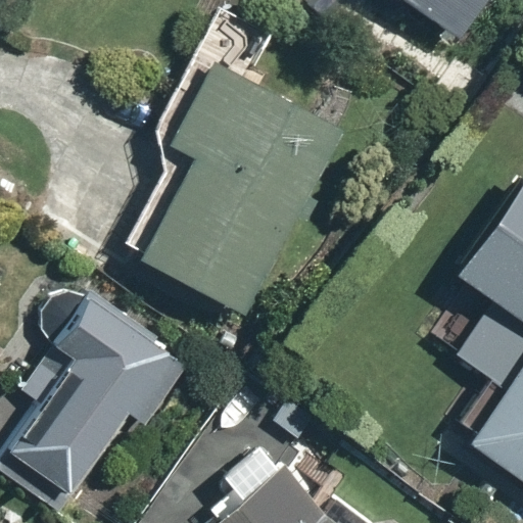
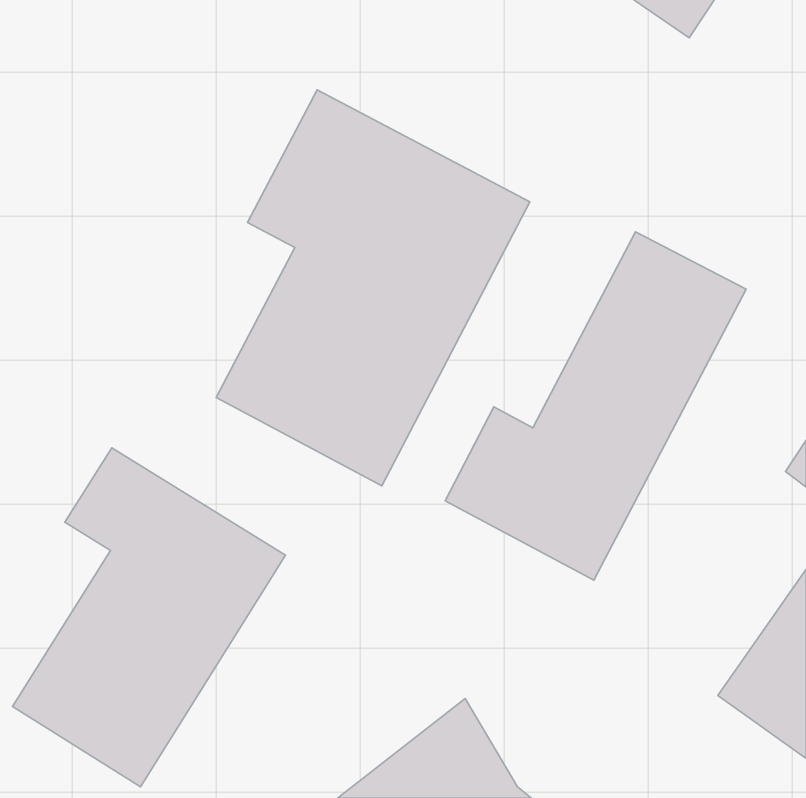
building: none -> [445,232,746,580]

